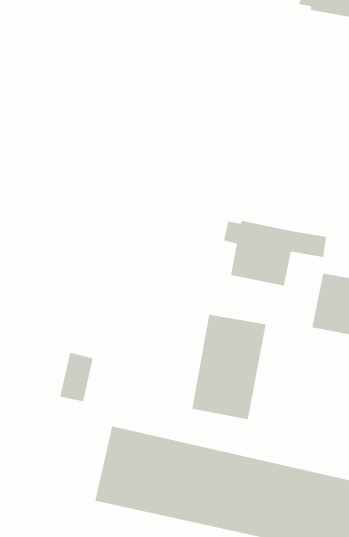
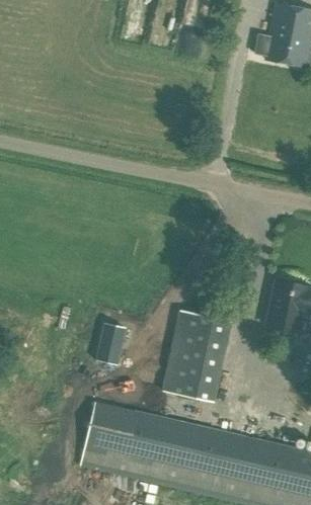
building: [223,220,326,286] -> none
building: [60,352,94,402] -> [97,321,126,362]

